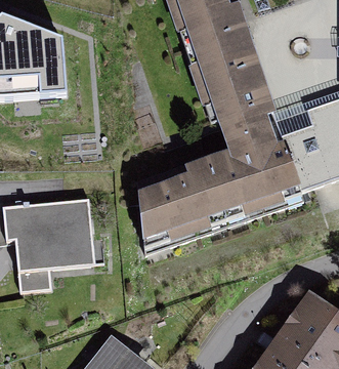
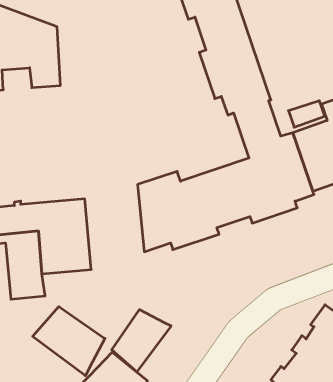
building: none -> [33,307,105,376]
building: none -> [112,310,171,372]

